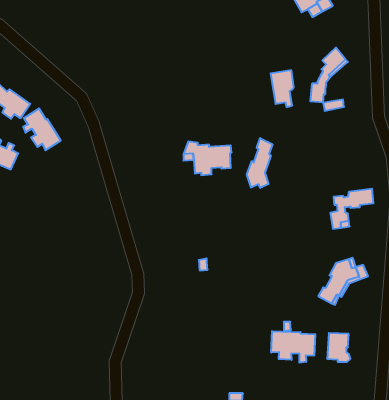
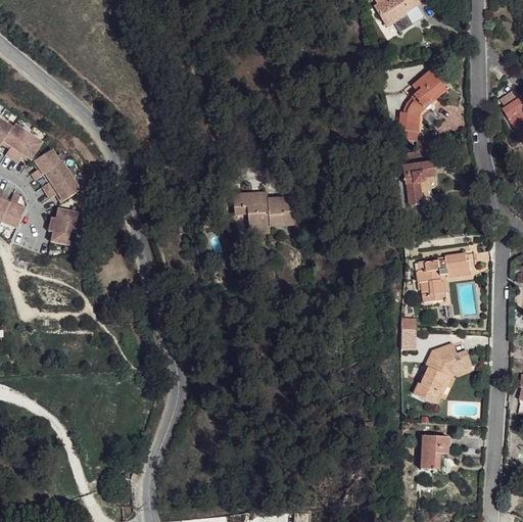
building: [271,70,294,107] -> [403,163,433,210]
building: [247,138,272,188] -> none
building: none -> [48,207,80,245]
building: none -> [400,316,416,347]
building: [271,331,315,363] -> none

